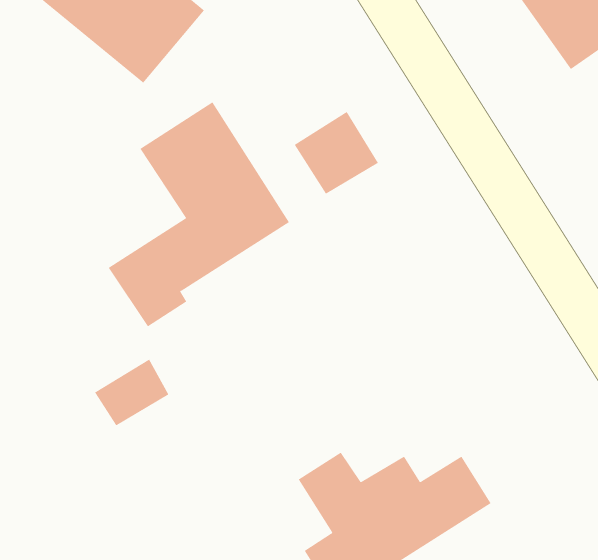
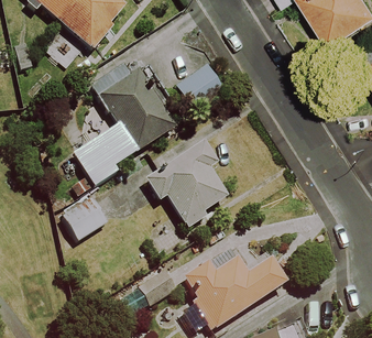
building: none -> [141,144,222,231]

